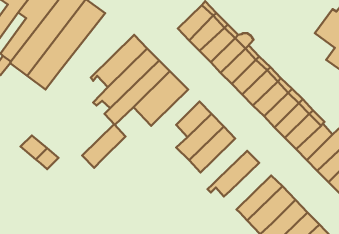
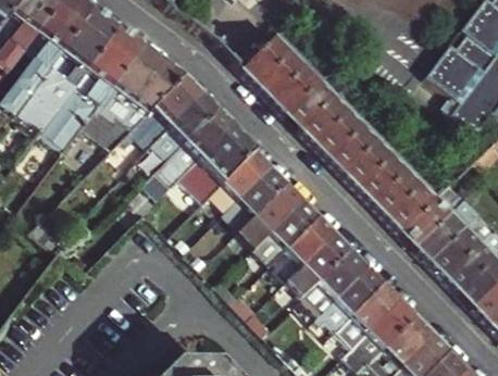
building: none -> [85,48,184,146]
building: [82,124,126,168] -> [213,151,272,210]
building: none -> [282,217,336,279]
building: none -> [304,250,369,313]

